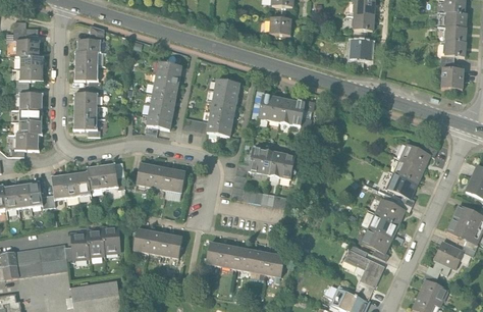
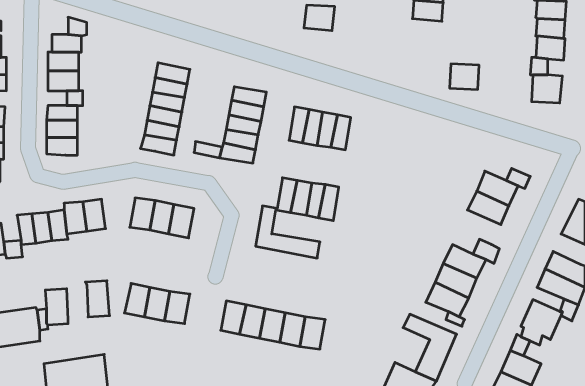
building: [350,39,372,58] -> [450,64,479,89]
building: [386,171,418,198] -> none
building: [88,228,104,255] -> none

